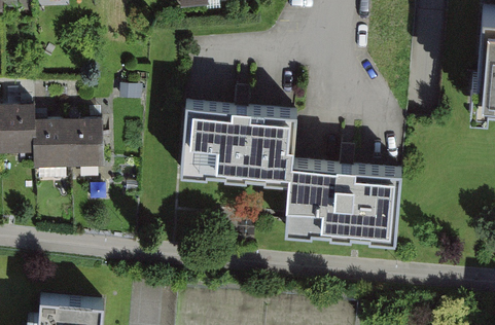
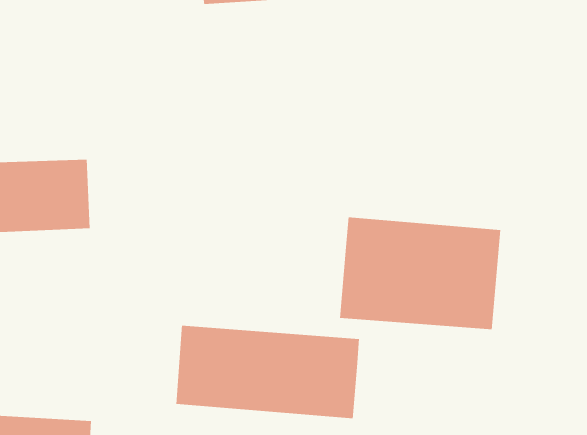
building: [178,102,290,179] -> none
building: none -> [176,325,359,419]

